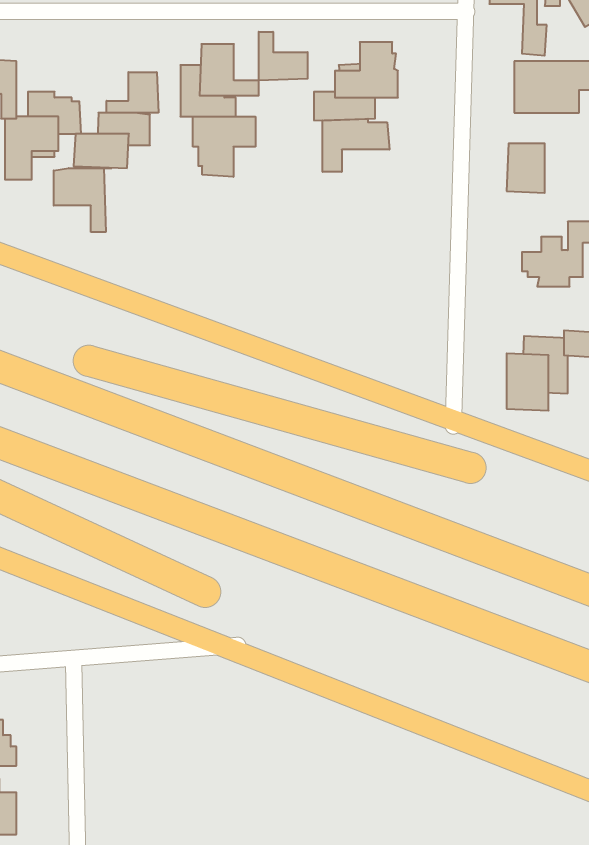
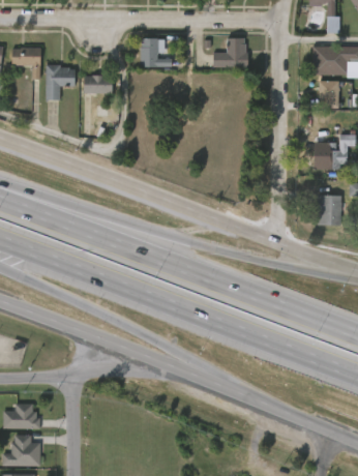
building: [259,32,308,80] -> none
building: [107,72,158,113] -> none
building: [193,117,255,177] -> none
building: [323,119,389,172] -> none
building: [54,168,106,232] -> none

